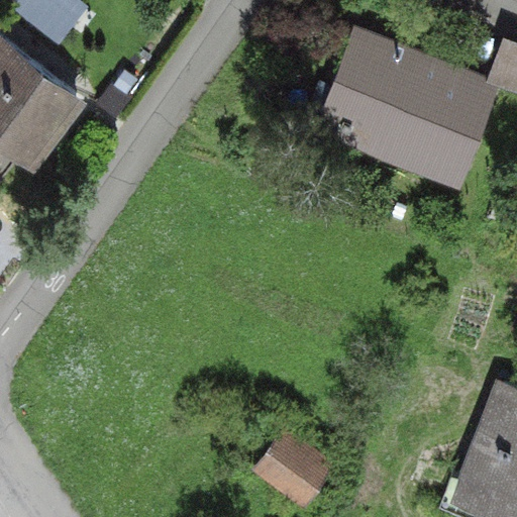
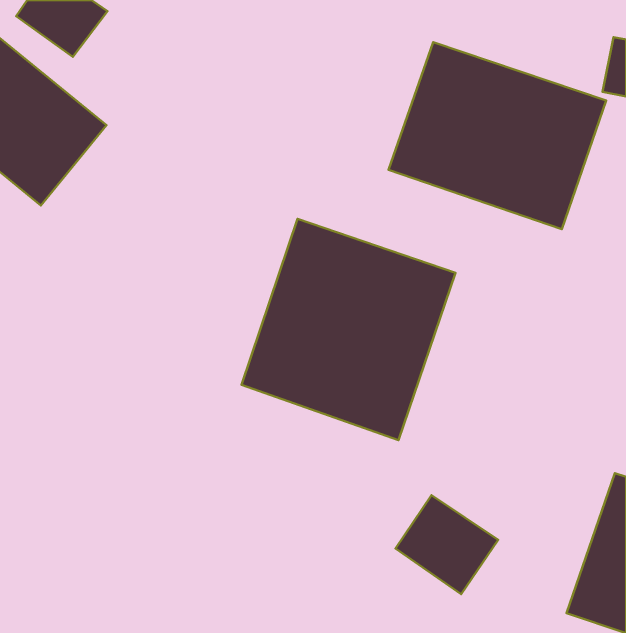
building: none -> [242,219,455,440]
building: [253,428,337,509] -> [396,495,498,594]

